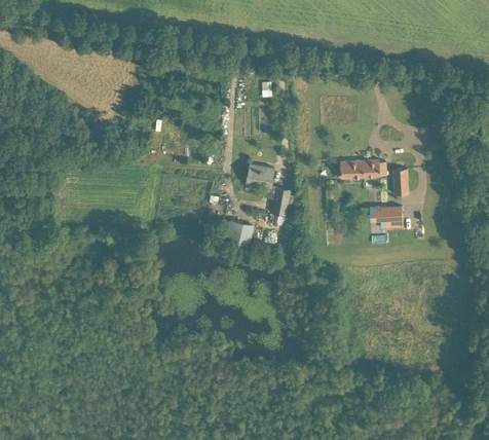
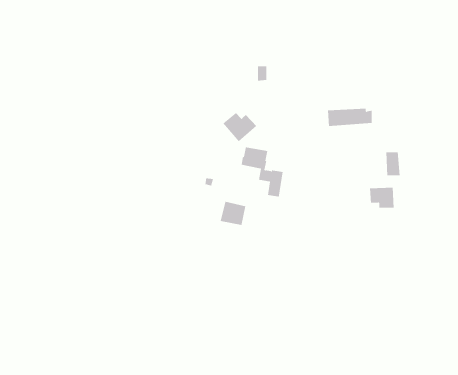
building: none -> [223,112,257,142]
building: [339,159,385,178] -> [327,108,373,126]

